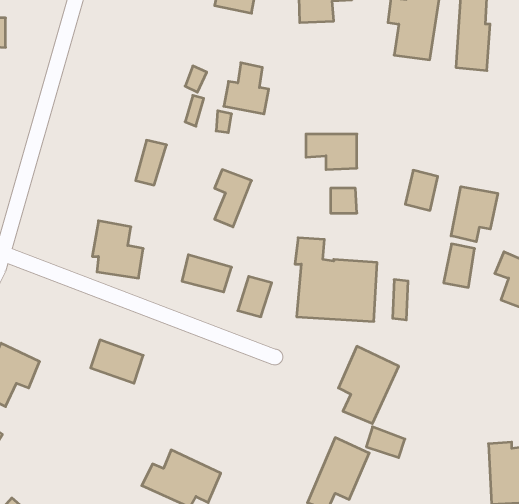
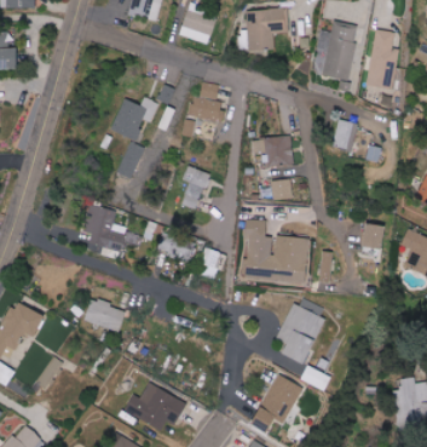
building: none -> [110,97,157,139]
building: [405,170,438,210] -> [331,119,357,150]
building: [451,187,498,242] -> none

